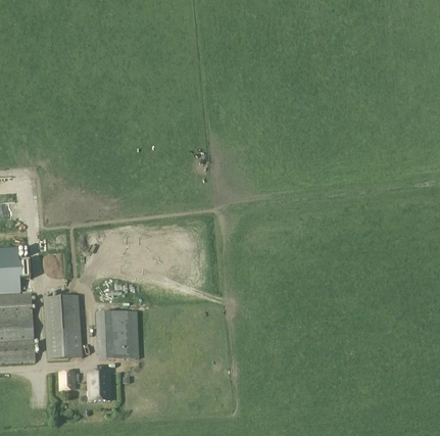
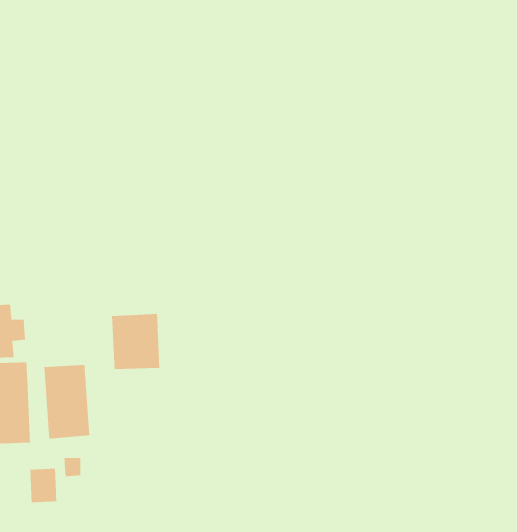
building: [98,310,138,356] -> [111,313,160,370]
building: [88,371,110,399] -> [29,468,57,503]

